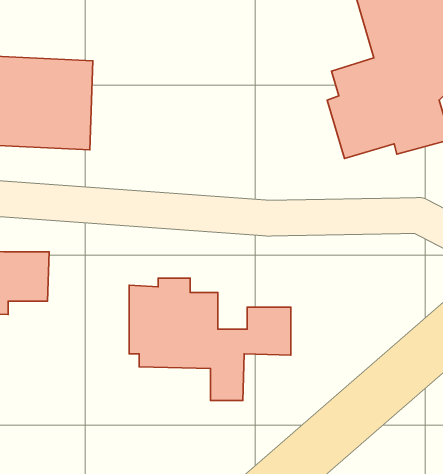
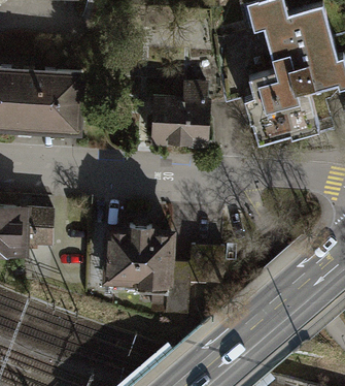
building: none -> [149,84,214,150]

